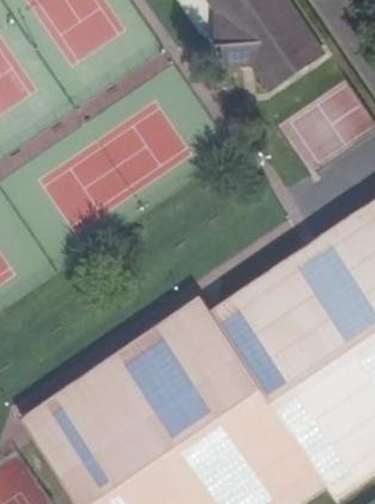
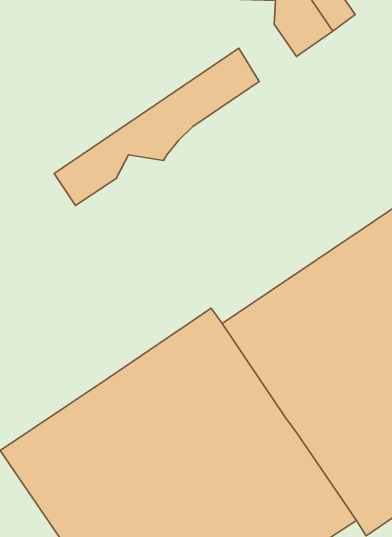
building: none -> [54,48,259,206]

